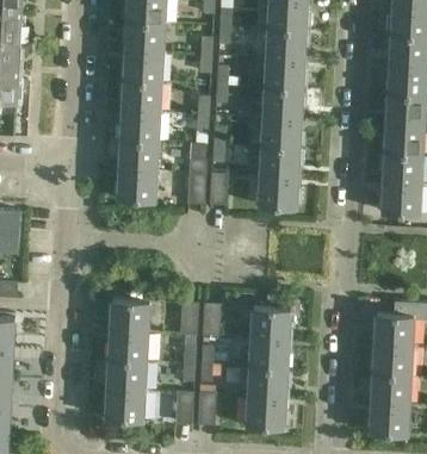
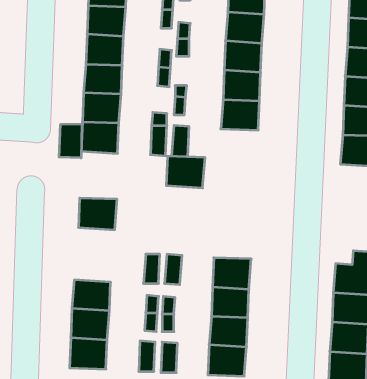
building: none -> [59,124,82,158]
building: [258,176,297,209] -> [166,156,205,188]
building: [110,300,149,332] -> [78,198,117,230]

